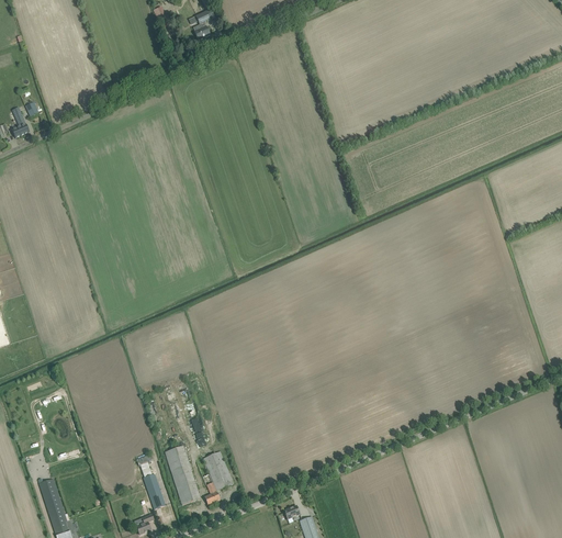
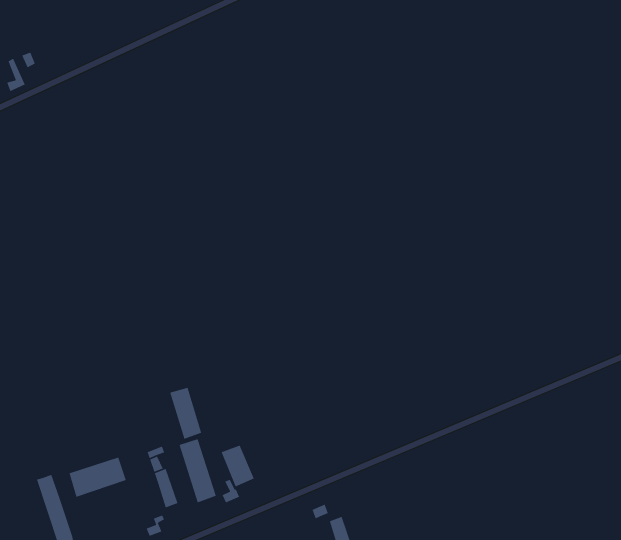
building: none -> [169,387,202,440]
building: none -> [68,456,127,498]

